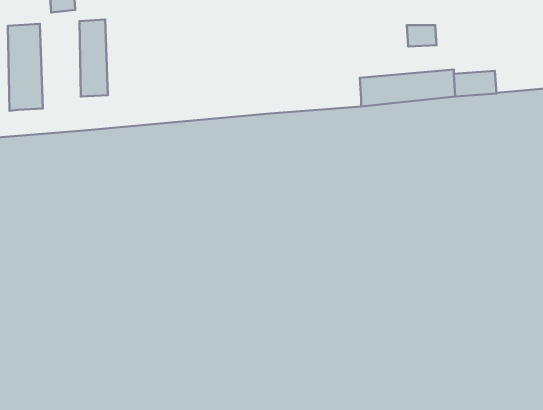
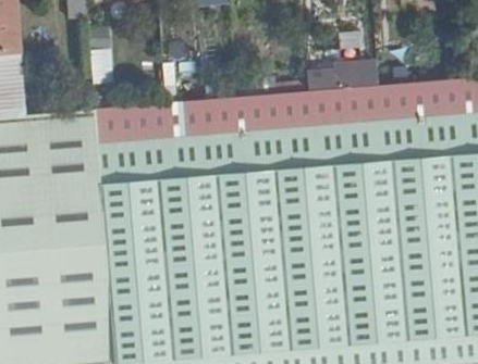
building: [8,24,43,111] -> none

